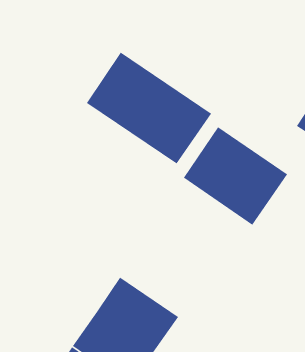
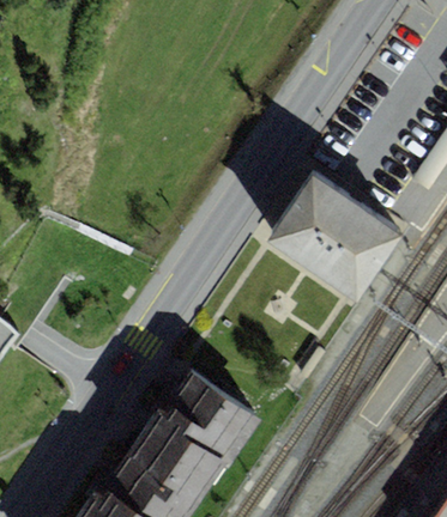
building: [86,51,212,165] -> none

